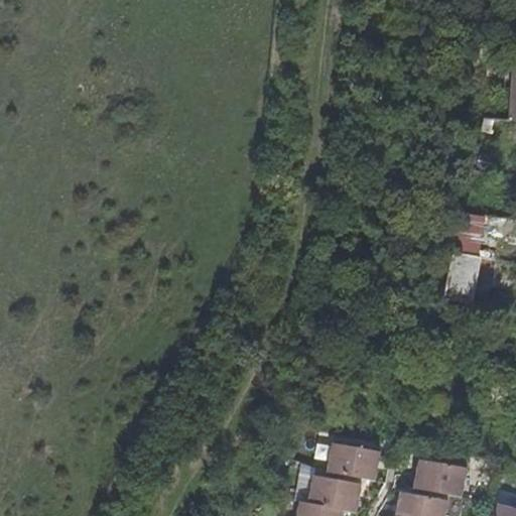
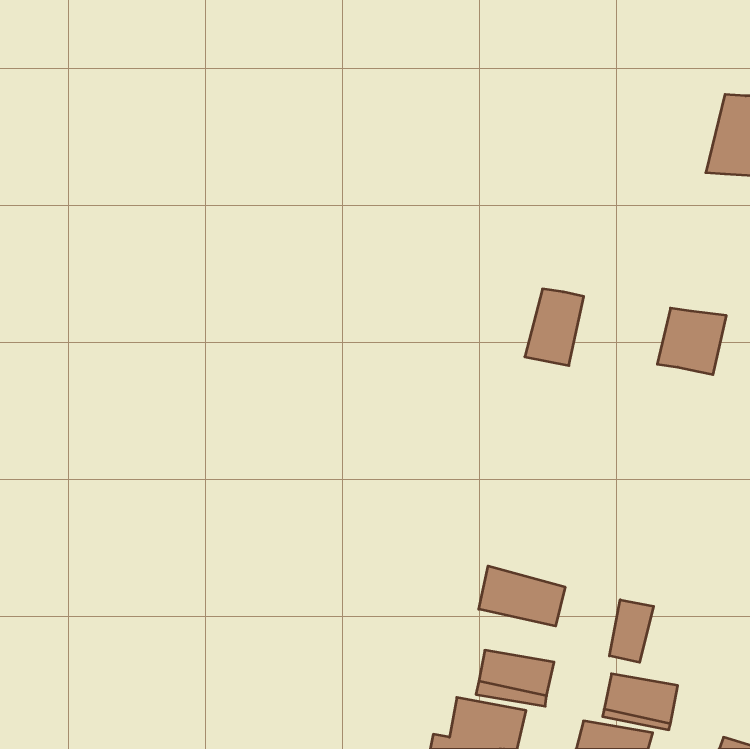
building: [439,249,480,301] -> [525,289,584,366]
building: none -> [479,566,565,626]
building: none -> [609,600,654,662]

